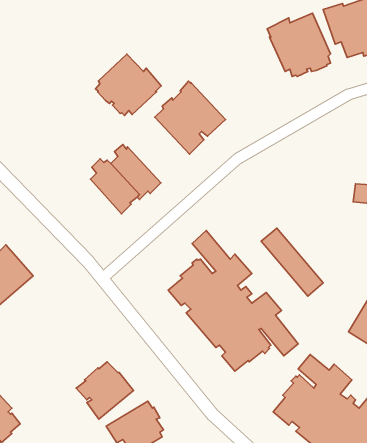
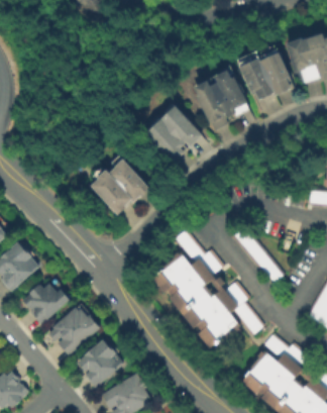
building: none -> [195,66,250,129]
building: [95,54,161,115] -> none
building: none -> [23,283,71,324]
building: none -> [49,306,101,355]

